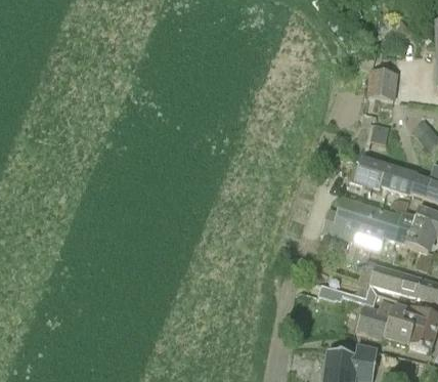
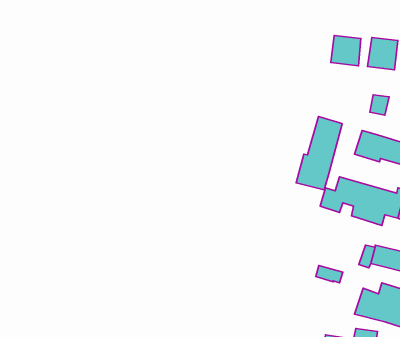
building: none -> [331,36,361,66]
building: none -> [296,117,342,190]

